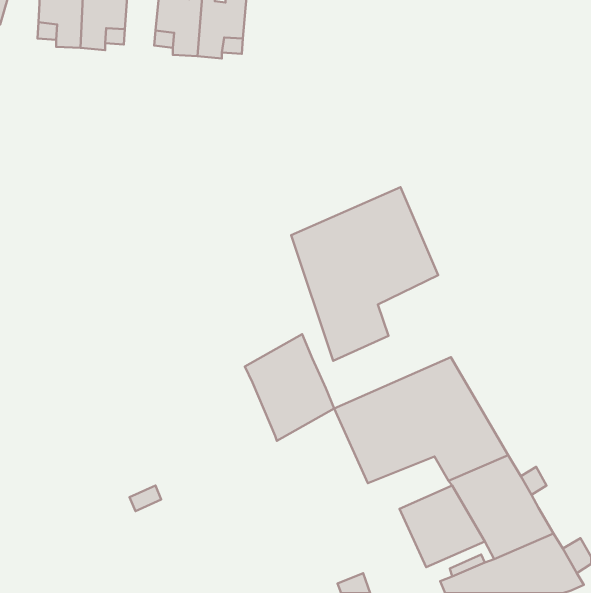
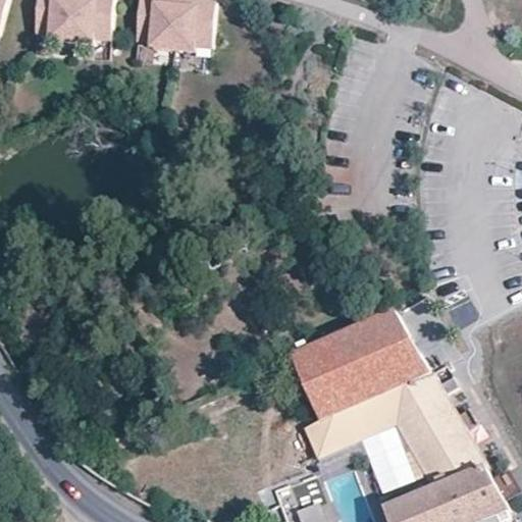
building: [291,187,438,361] -> none
building: [245,334,334,441] -> none
building: none -> [303,399,395,459]

